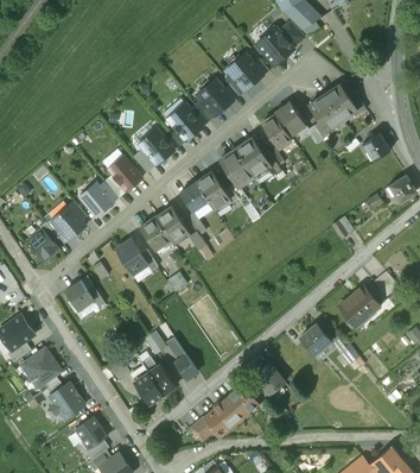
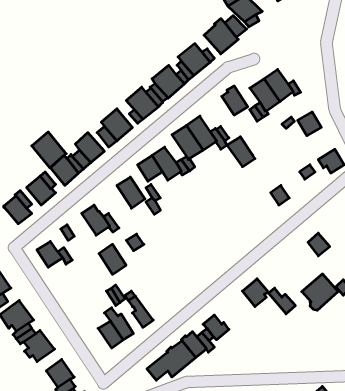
building: [260,114,292,149] -> [227,137,255,167]
building: none -> [32,132,66,168]
building: [140,216,171,251] -> [99,244,126,274]
building: [338,285,380,327] -> [302,274,338,310]

